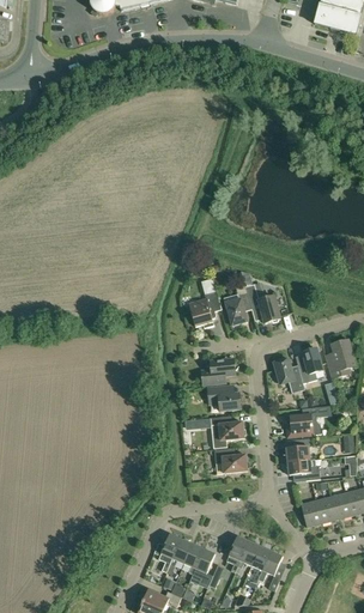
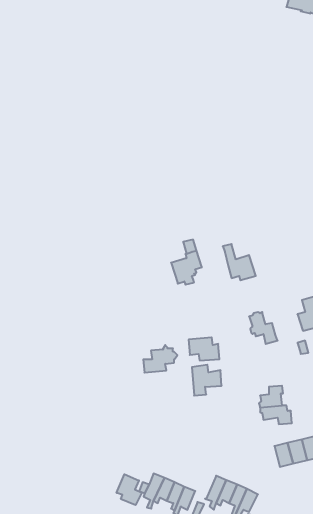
building: [226,280,251,324] -> none
building: [299,347,323,382] -> none
building: [202,354,239,384] -> [143,345,177,373]
building: [287,406,322,436] -> none
building: [214,447,248,473] -> none
building: none -> [117,474,142,505]

